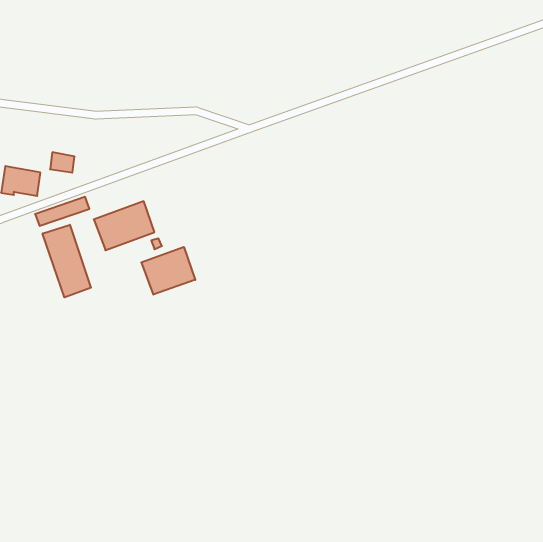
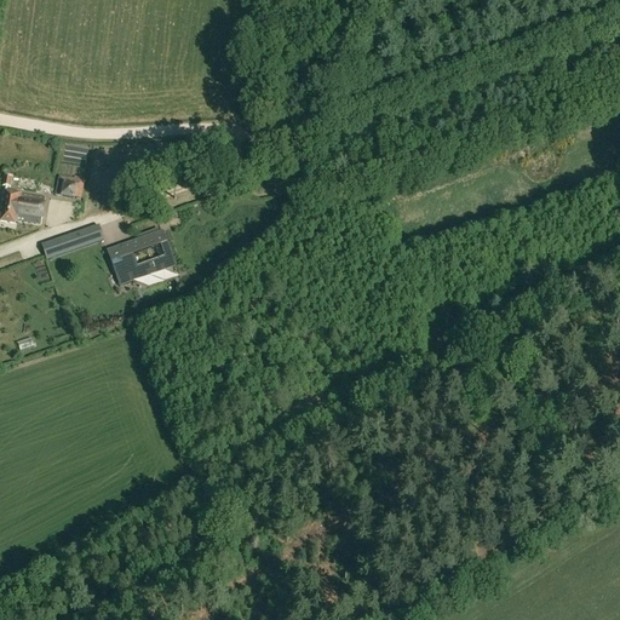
building: [43,225,91,297] -> none
building: [141,247,195,295] -> none

